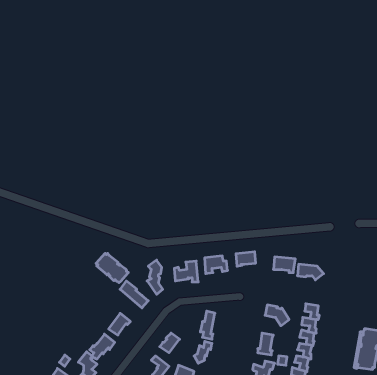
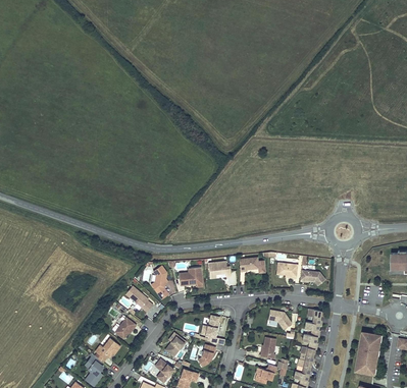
building: [96,253,128,283] -> none

